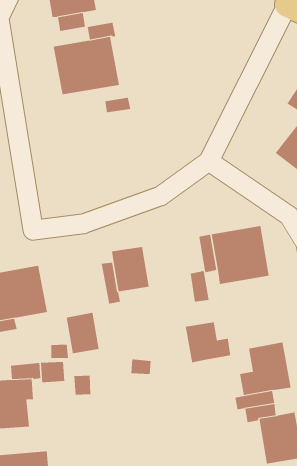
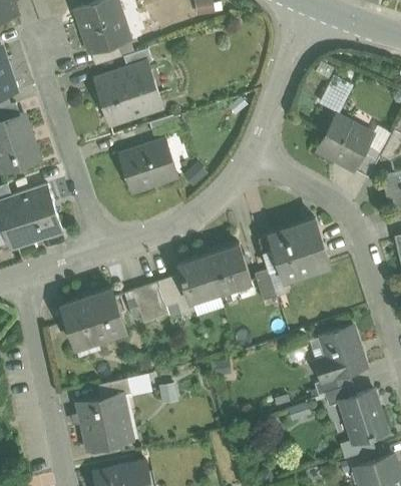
building: none -> [119,139,178,192]
building: none -> [207,245,251,293]
building: [66,312,99,354] -> [132,282,168,324]
building: [185,321,231,363] -> none

